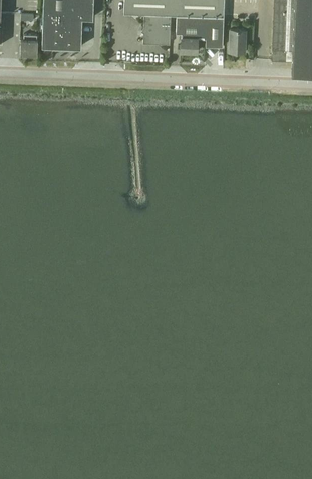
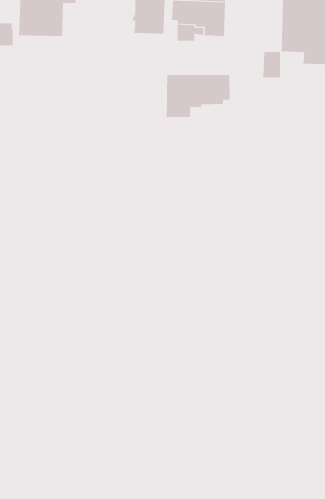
building: [230,29,246,52] -> [262,51,281,78]
building: none -> [166,74,230,118]

